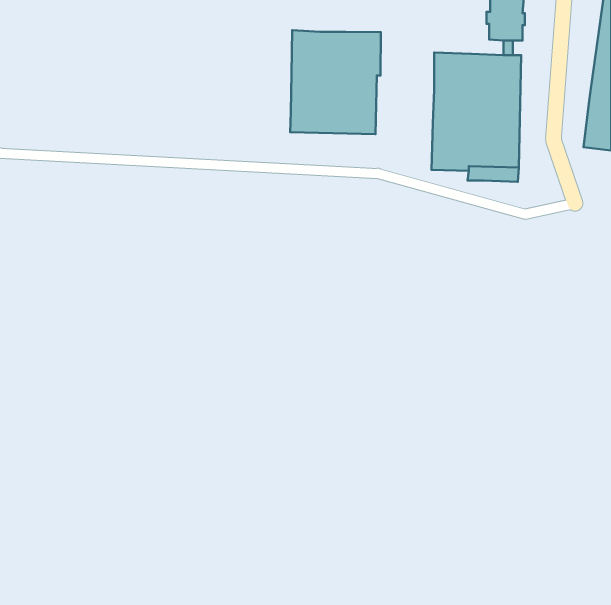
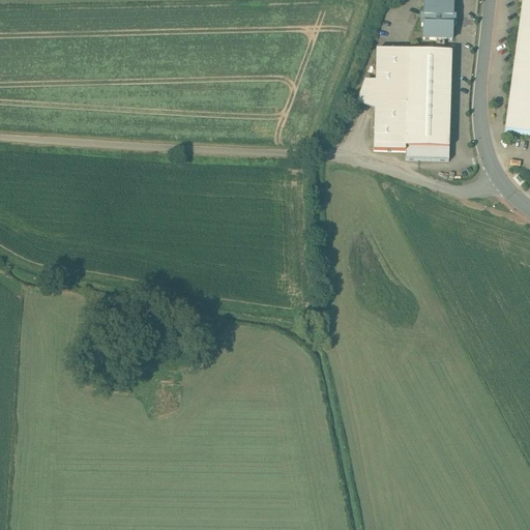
building: [290,30,381,134] -> none
building: none -> [357,78,376,107]

